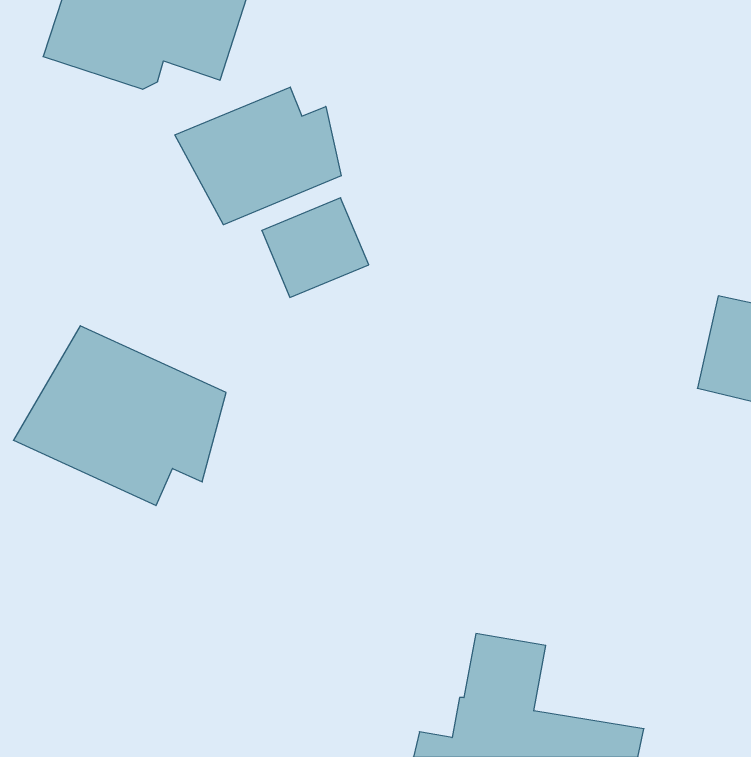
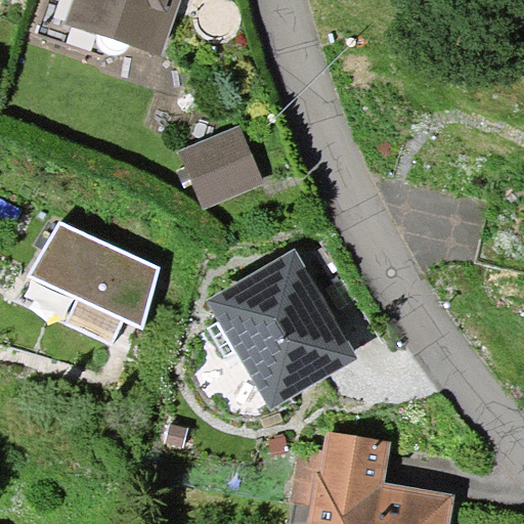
building: [175,87,341,225] -> none
building: none -> [220,246,352,387]

